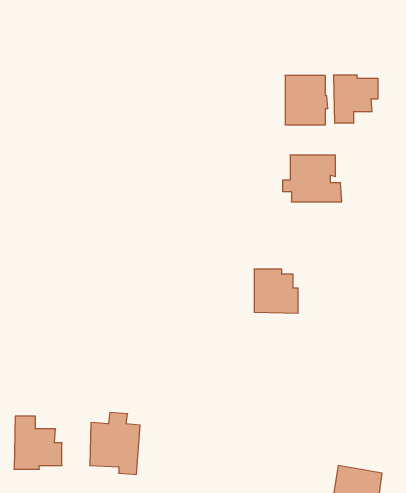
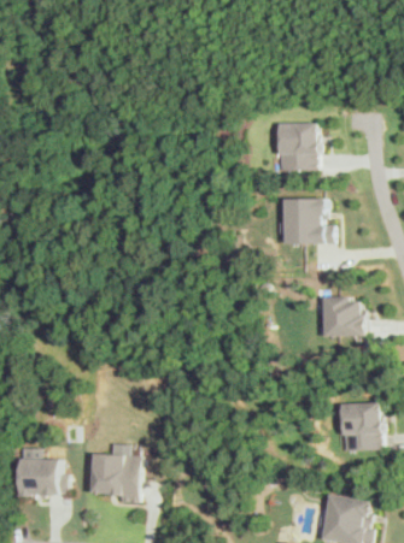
building: [334,75,378,123] -> none
building: [254,269,298,313] -> [322,296,364,338]
building: none -> [340,402,381,449]

